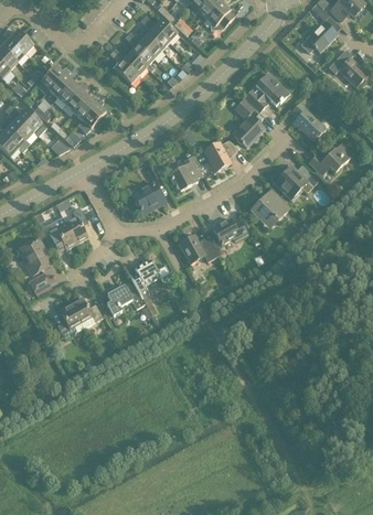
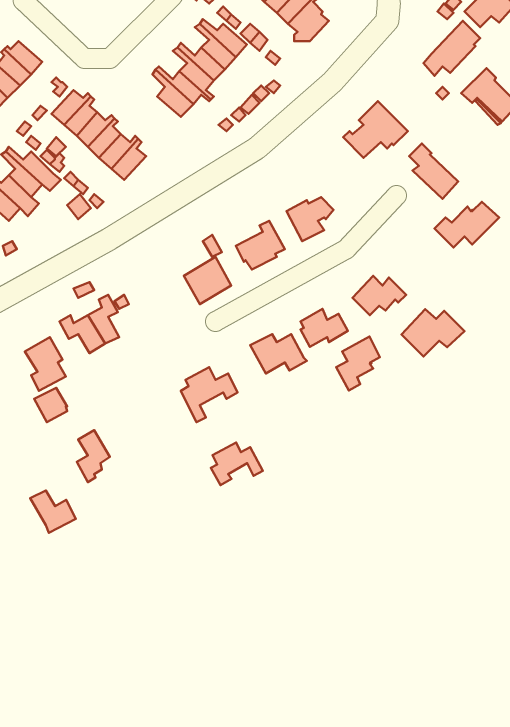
building: [232,98,264,147] -> none
building: [274,165,318,199] -> [401,309,465,356]
building: none -> [336,337,380,390]
building: [106,285,142,314] -> [211,443,263,485]
building: [70,297,102,326] -> [30,490,76,533]

